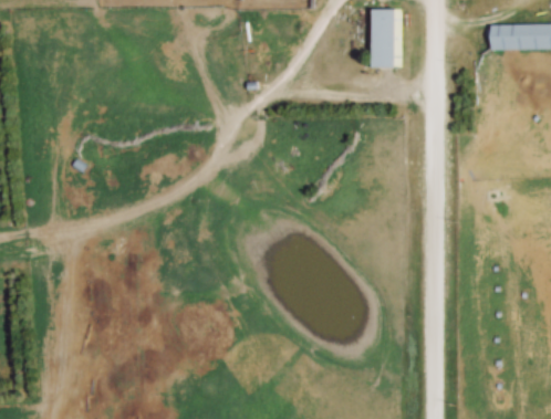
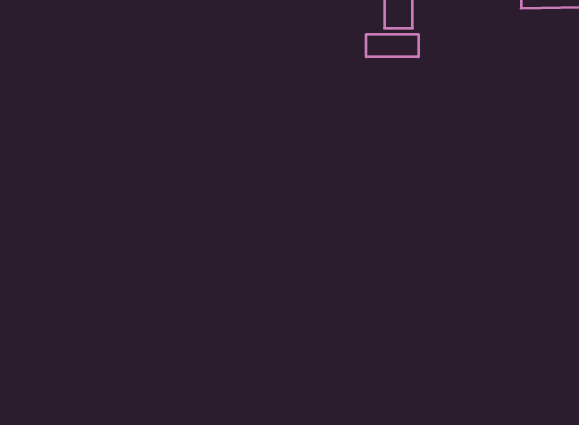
building: none -> [366,34,418,57]

